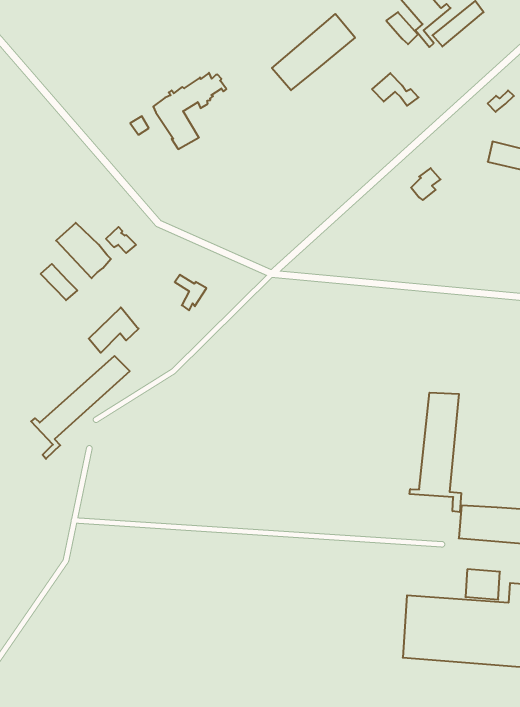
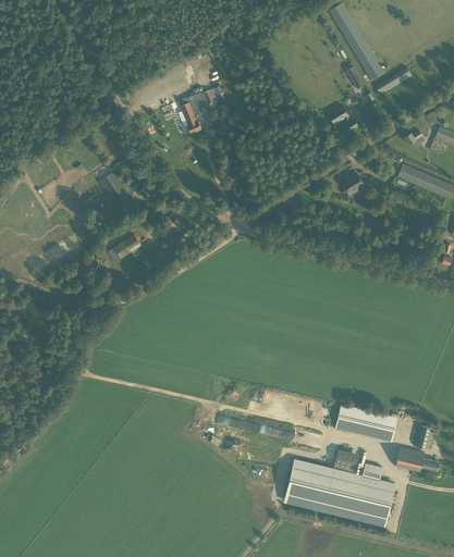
building: [272,14,355,90] -> none
building: [31,356,130,459] -> none
building: [410,393,461,512] -> none

